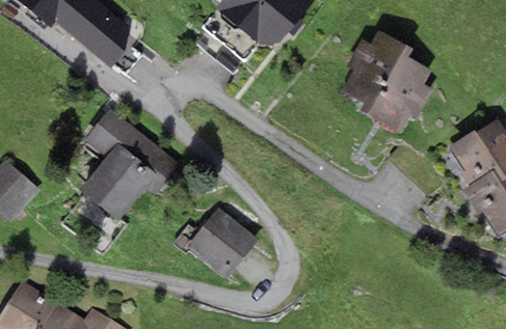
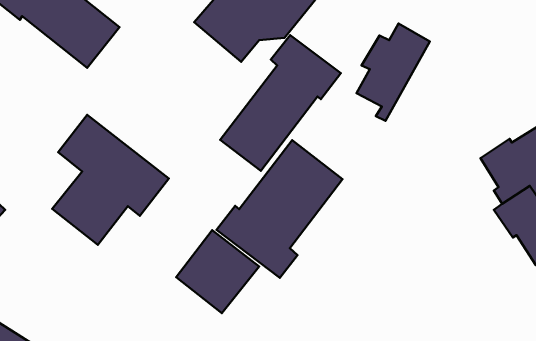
building: none -> [220,35,341,171]
building: [367,46,431,133] -> none
building: none -> [216,140,343,278]

